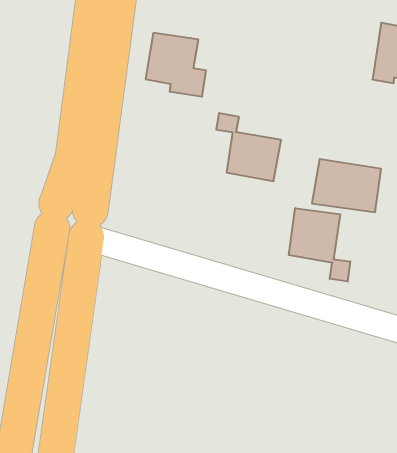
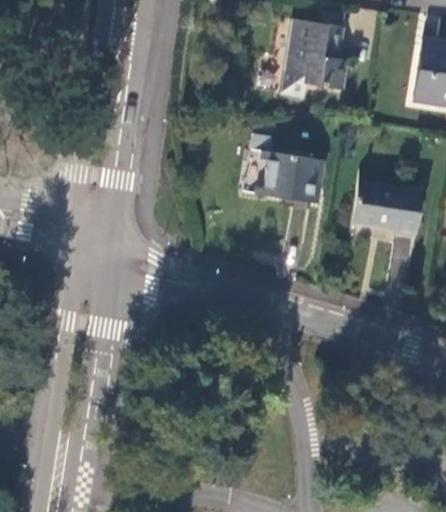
building: [146,33,206,96] -> [286,21,349,87]
building: [289,208,350,282] -> none

